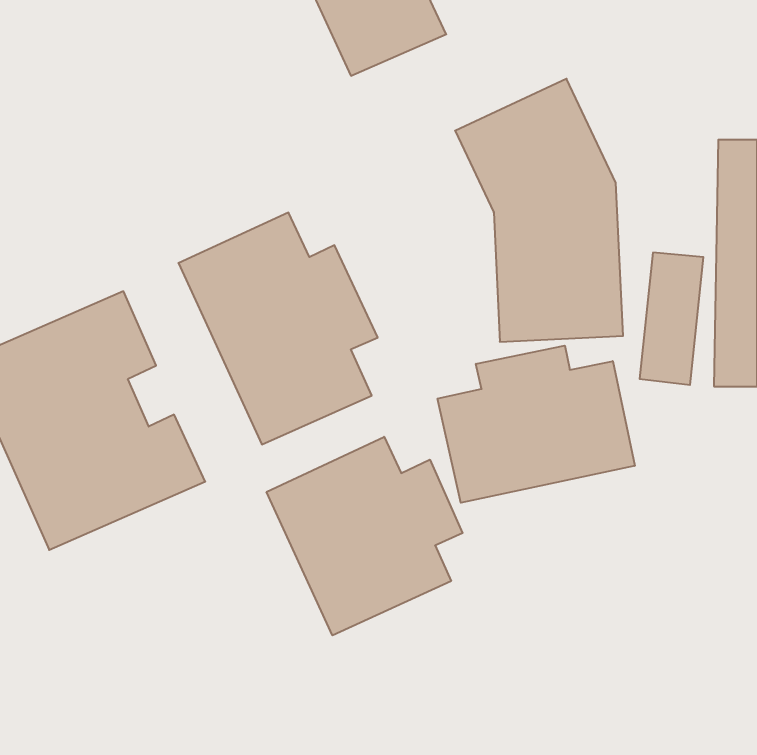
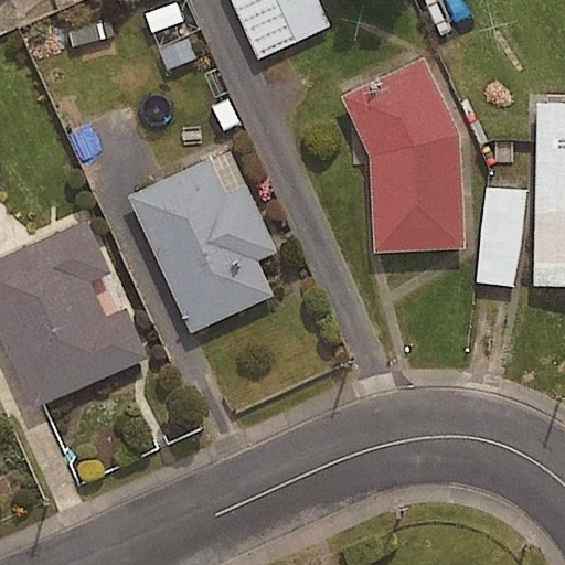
building: [438,346,635,503] -> none
building: [267,437,463,635] -> none

